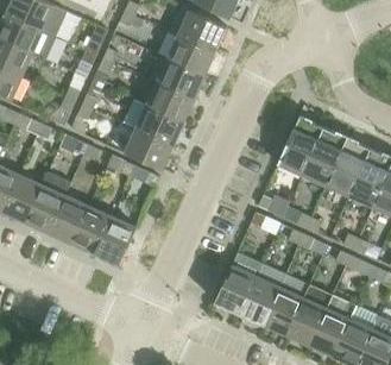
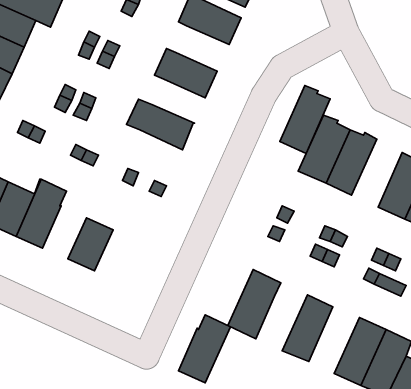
building: [168,36,215,76] -> none
building: [146,83,194,122] -> none
building: [125,128,174,171] -> none
building: [324,137,370,197] -> [280,85,330,153]
building: [49,196,88,244] -> none
building: [95,218,137,266] -> none
building: [239,265,285,326] -> [178,315,230,383]
building: [286,287,332,346] -> none

